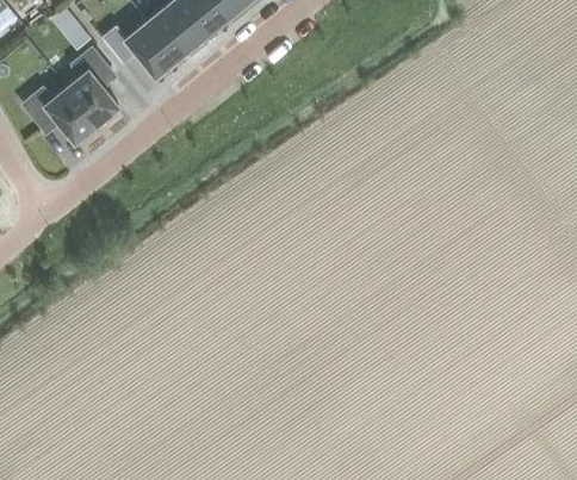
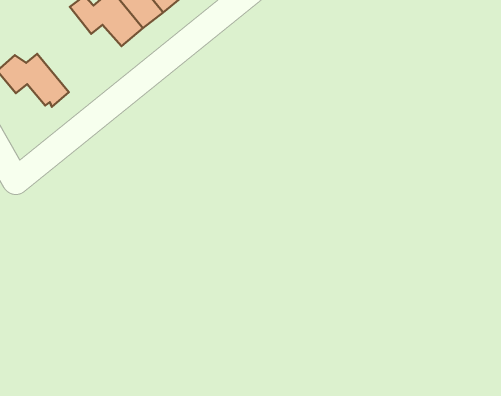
building: [66,48,118,127] -> none

